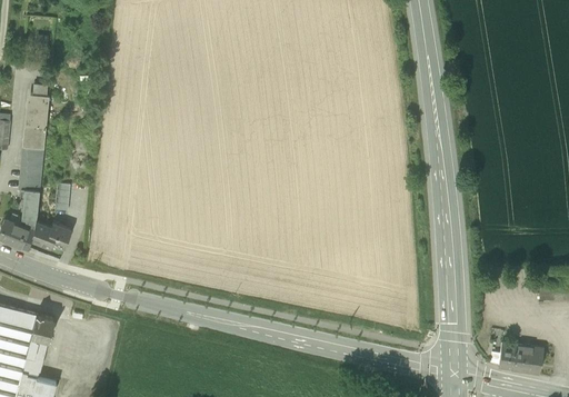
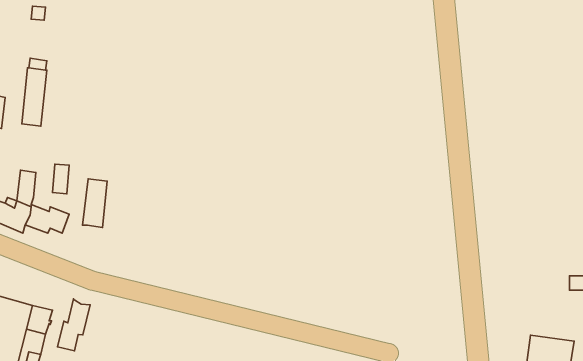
building: [19,145,42,190] -> [82,179,107,228]
building: none -> [58,299,90,351]

